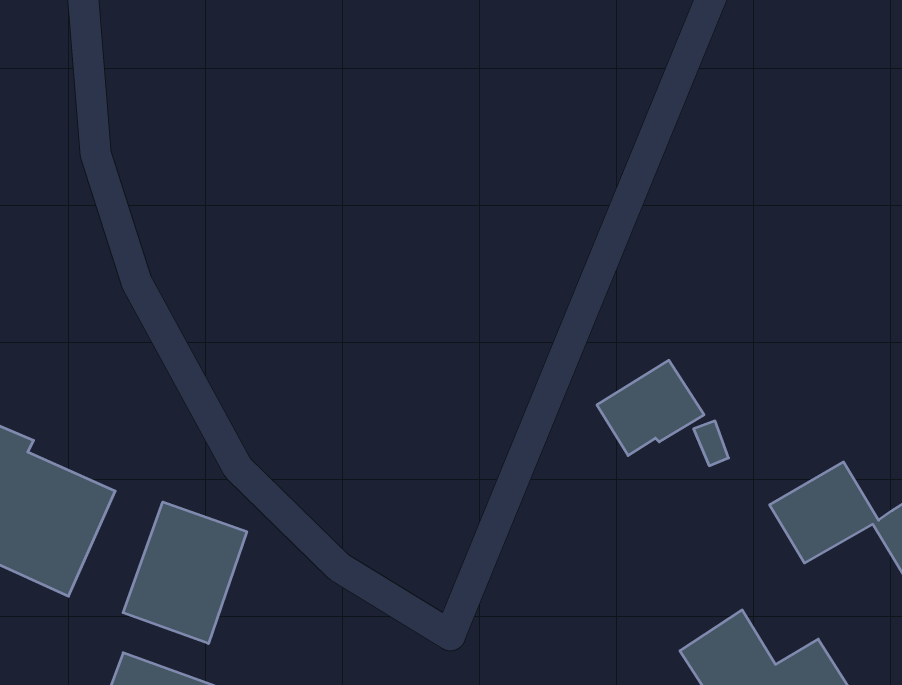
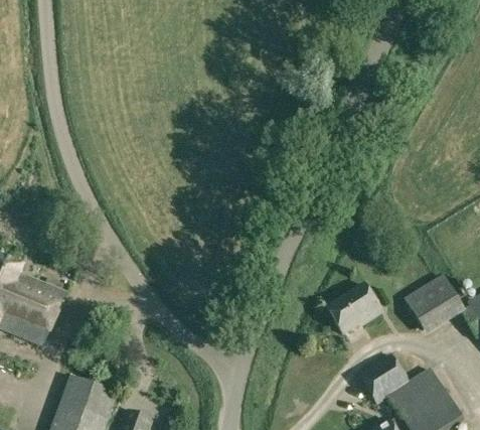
building: [597,360,704,456] -> [326,284,381,333]
building: [123,502,247,644] -> none

